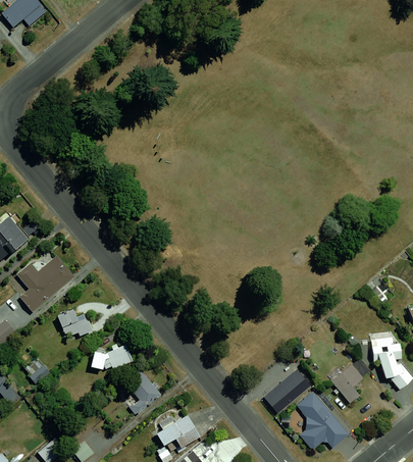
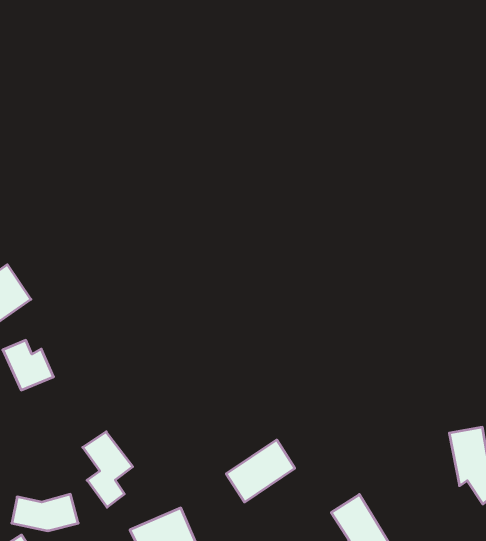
building: [91,340,137,366] -> [12,494,78,531]
building: [329,362,362,402] -> none
building: [262,369,309,414] -> [226,440,295,502]

